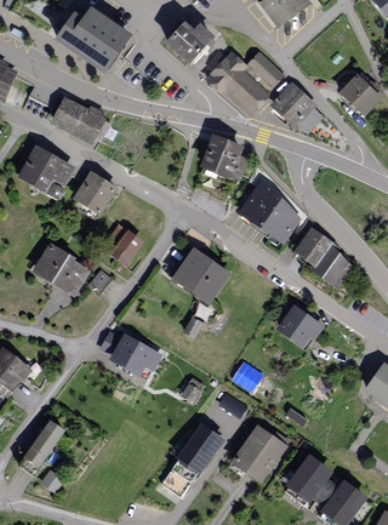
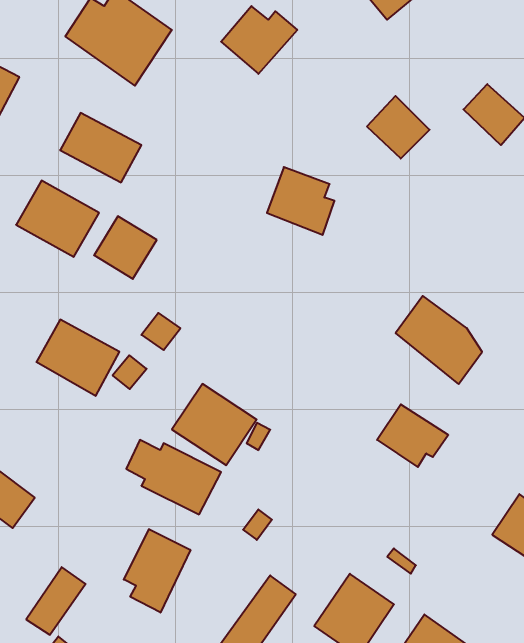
building: [205,50,284,115] -> none
building: [235,176,299,245] -> none
building: [171,246,232,304] -> [172,384,257,465]
building: none -> [124,529,190,613]

